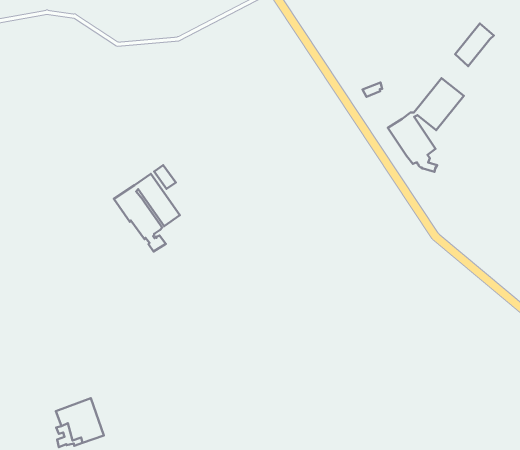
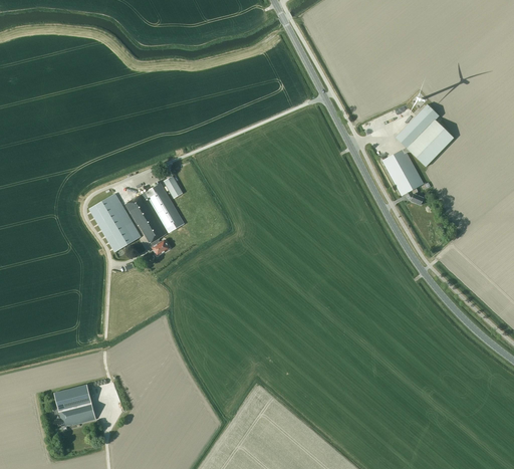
building: [455,24,494,66] -> [402,103,439,142]
building: none -> [88,193,141,251]

